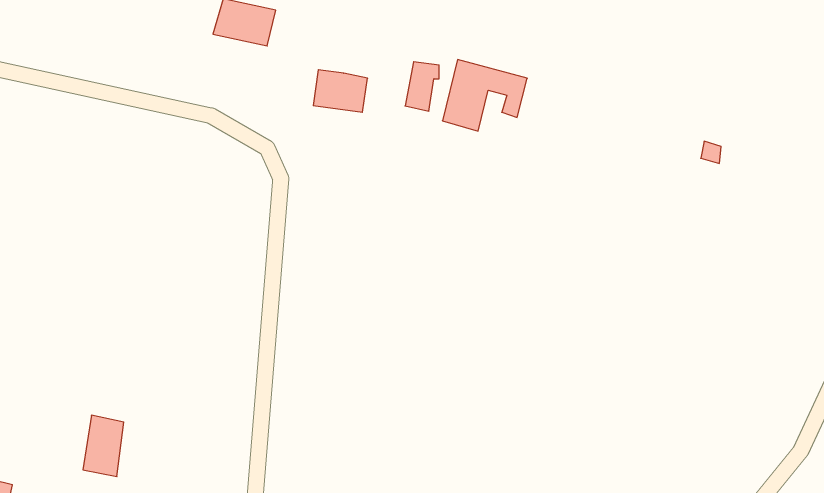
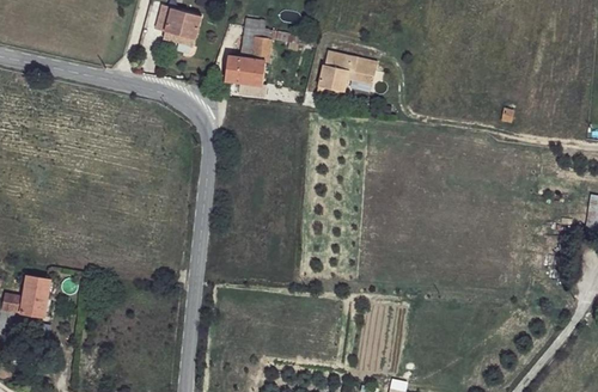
building: [405,62,439,111] -> [248,27,271,62]
building: [83,415,124,477] -> [18,275,47,318]

